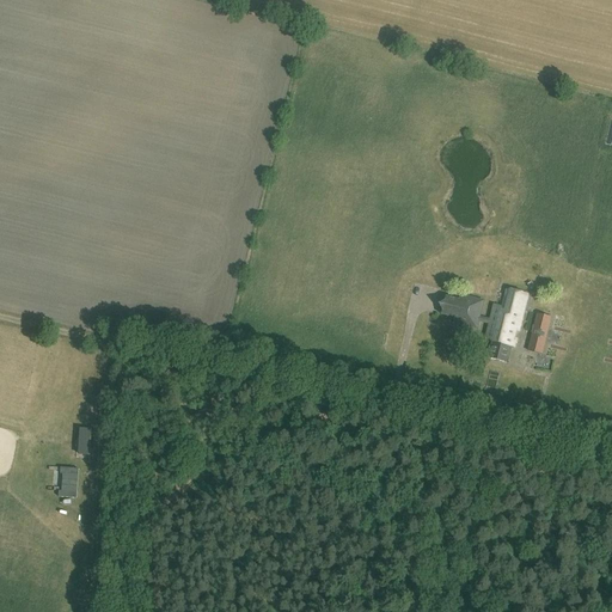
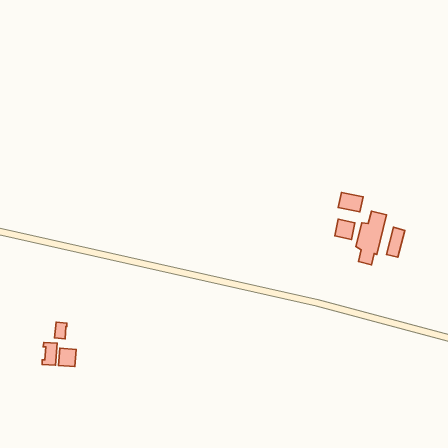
building: none -> [338,192,363,212]
building: none -> [59,348,76,367]

